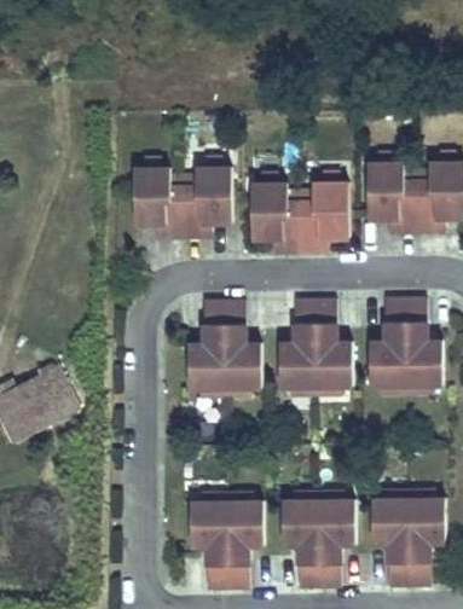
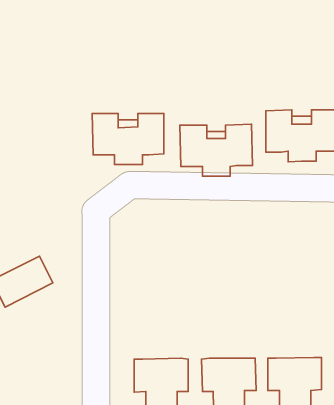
building: [370,298,442,385] -> none
building: [190,300,264,388] -> none
building: [280,300,353,387] -> none

